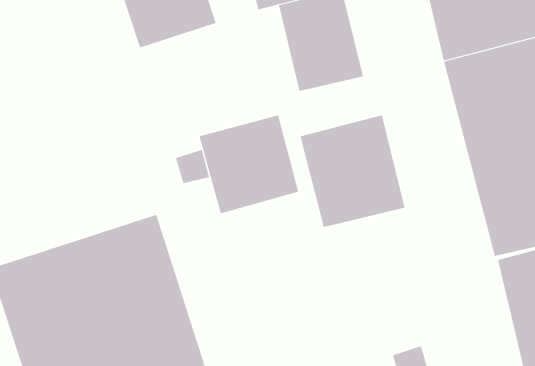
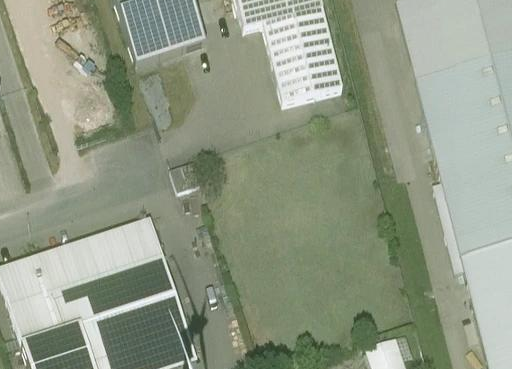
building: [199,114,299,214] -> none
building: [300,115,405,228] -> none

